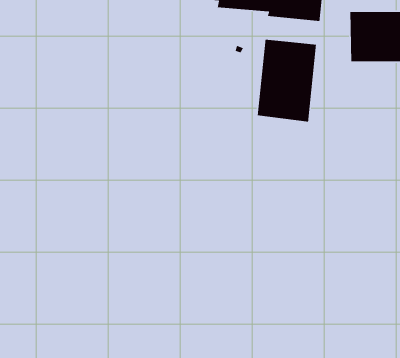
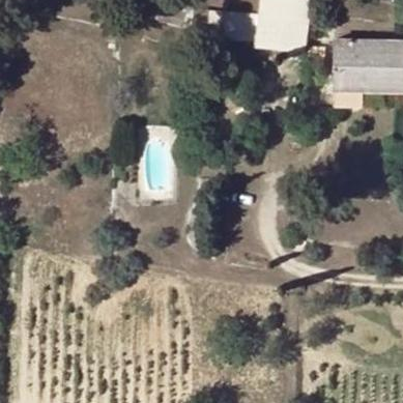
building: [257,39,317,122] -> none

